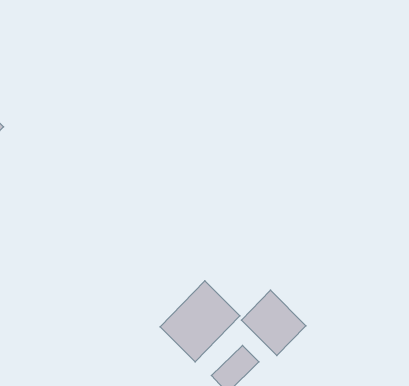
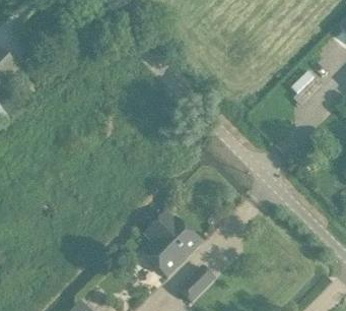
building: [242,290,306,355] -> none

